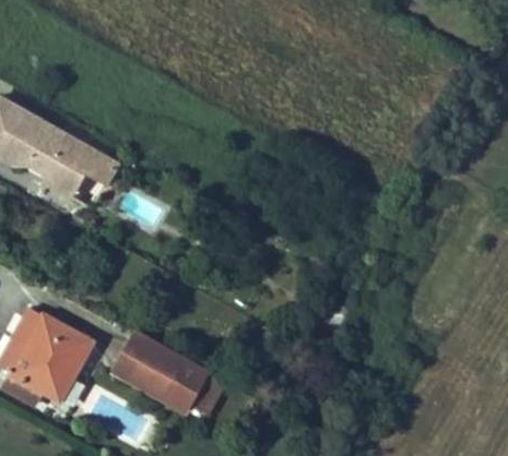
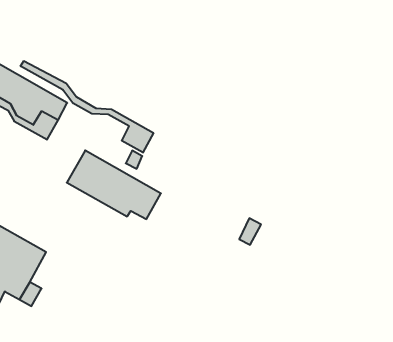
building: none -> [21,61,153,153]
building: [113,332,225,413] -> [67,150,161,219]

